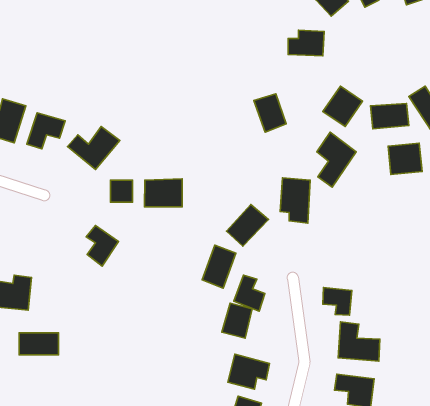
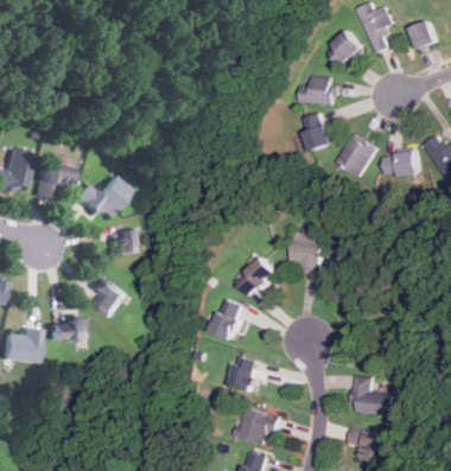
building: [254,94,286,132] -> [301,113,335,152]
building: [317,132,356,187] -> none
building: [388,143,422,175] -> none
building: [145,179,182,207] -> none
building: [234,275,265,311] -> none
building: [323,288,352,315] -> none
building: [19,333,59,355] -> [49,319,89,342]

